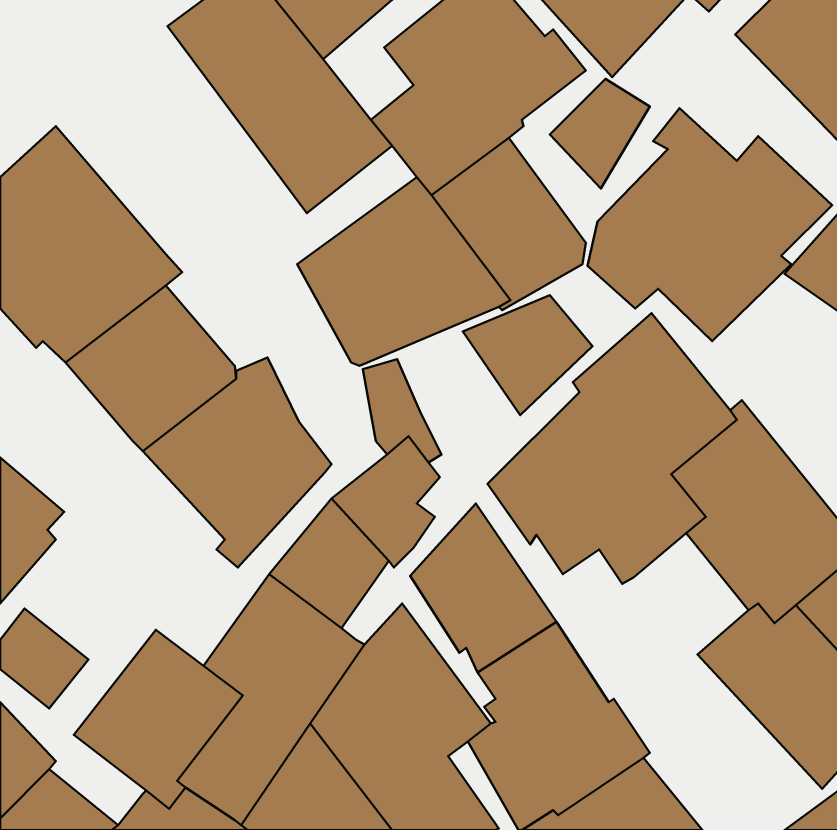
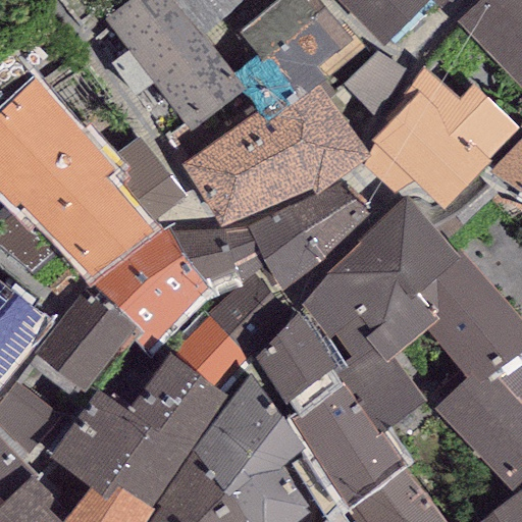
building: none -> [104,134,186,226]
building: none -> [248,206,324,294]
building: none -> [167,221,241,298]
building: none -> [33,280,141,393]
building: none -> [337,342,425,432]

